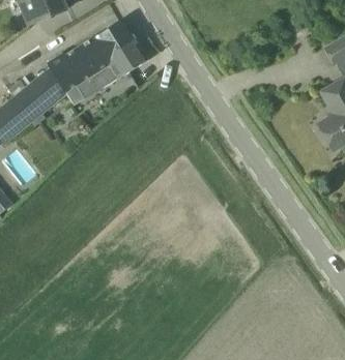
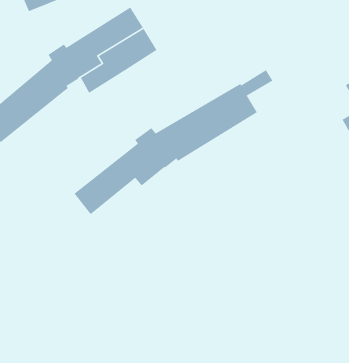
building: none -> [74,69,274,215]

